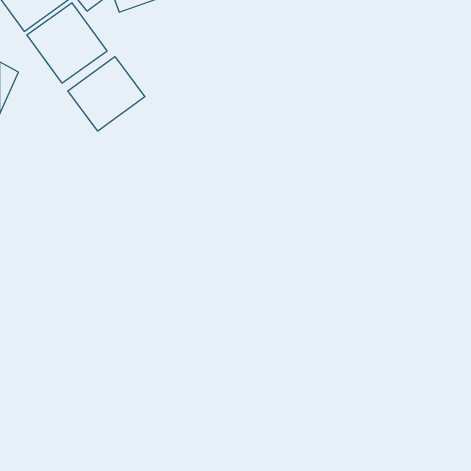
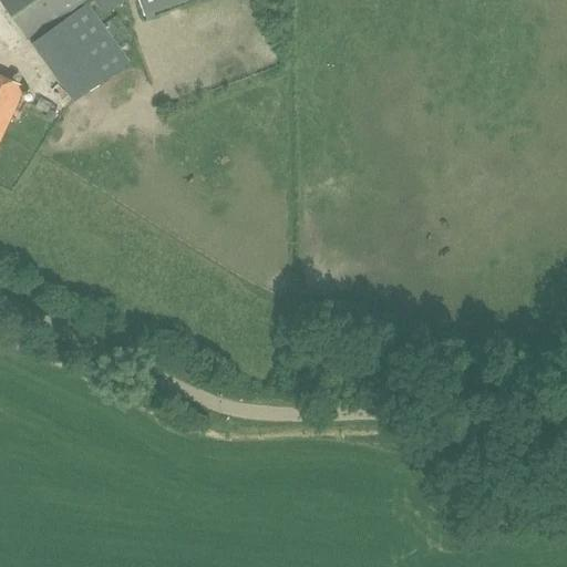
building: [68,57,145,131] -> none

